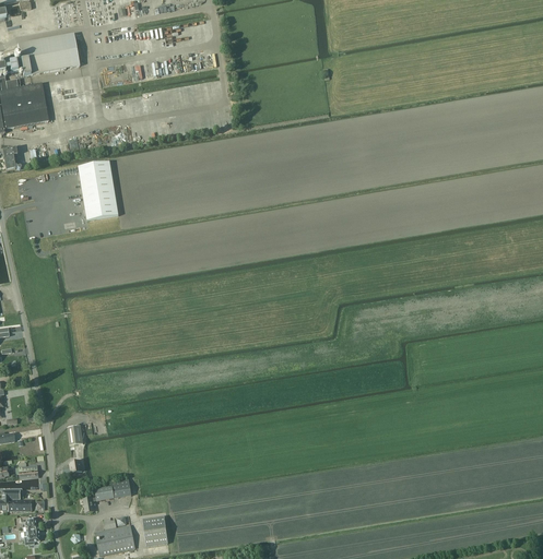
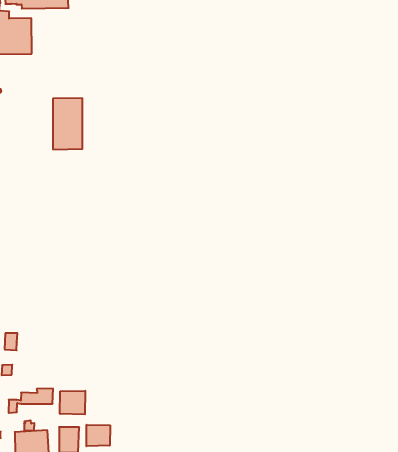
building: none -> [60,391,85,414]
building: none -> [86,425,110,446]

